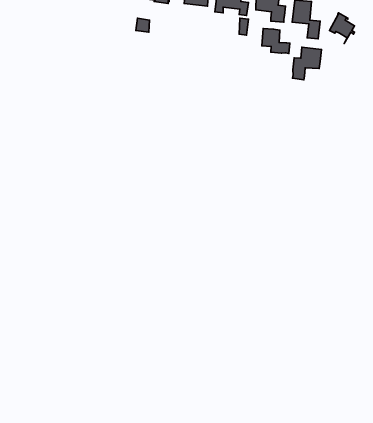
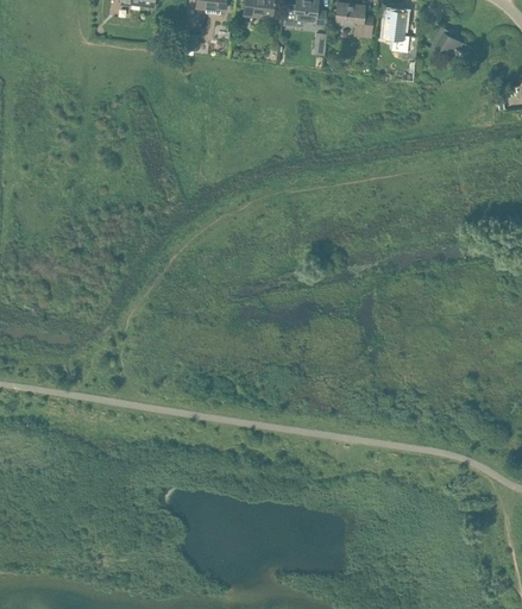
building: [262,29,290,53] -> none
building: [292,47,321,80] -> none

